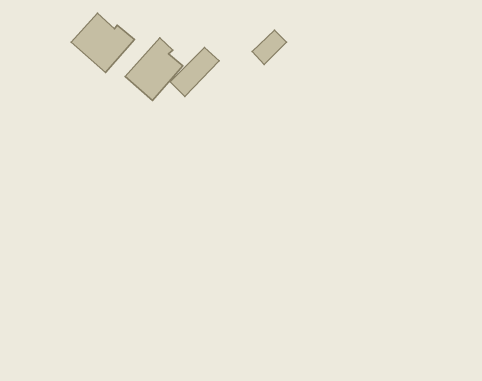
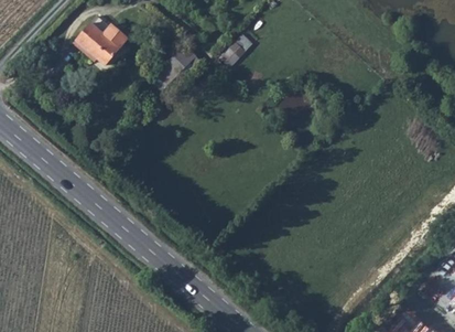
building: [125,38,183,101] -> none

